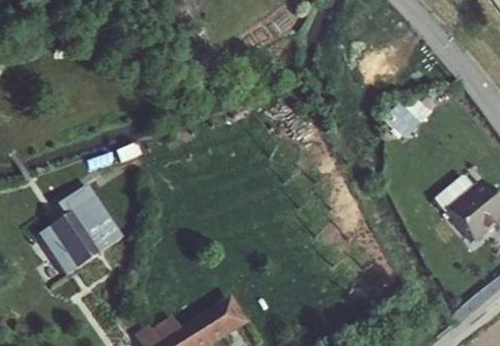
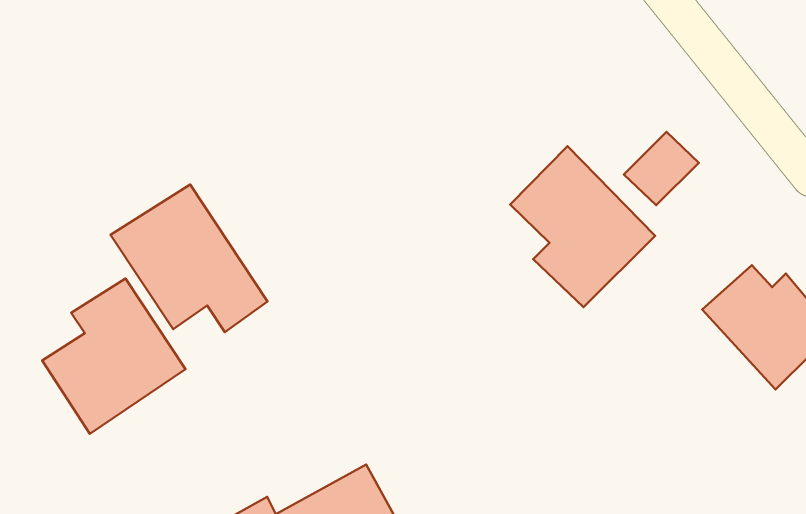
building: none -> [510,146,655,307]
building: none -> [110,185,267,332]

